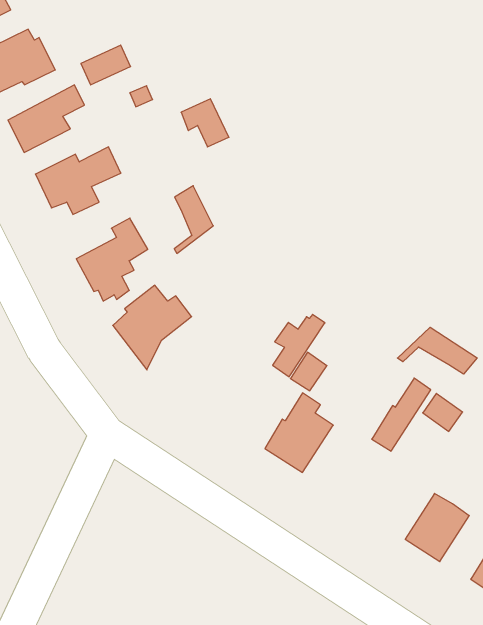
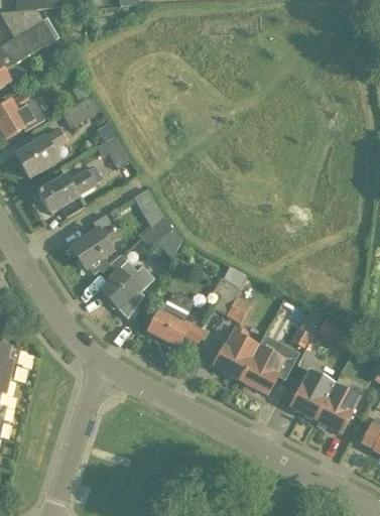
building: [181,99,229,147] -> [97,134,131,167]
building: none -> [140,215,180,249]
building: [397,327,477,374] -> none
building: none -> [147,299,204,345]
building: none -> [240,344,284,393]
building: none -> [289,371,332,417]

